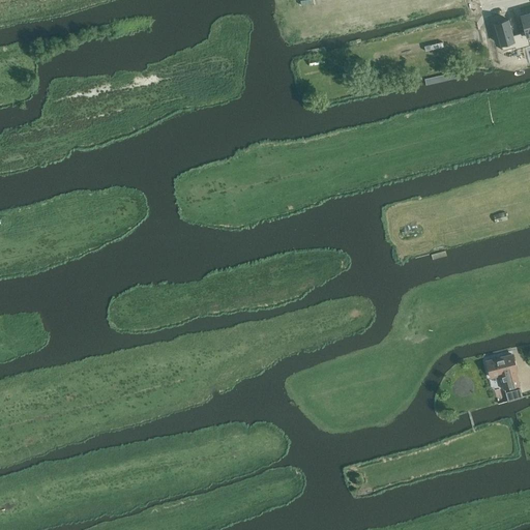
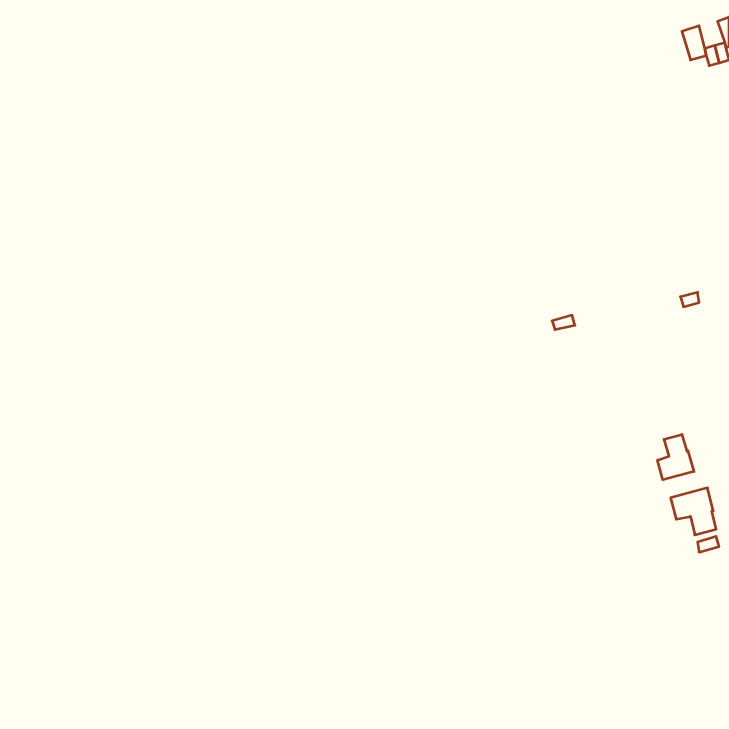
building: none -> [658,434,694,480]

